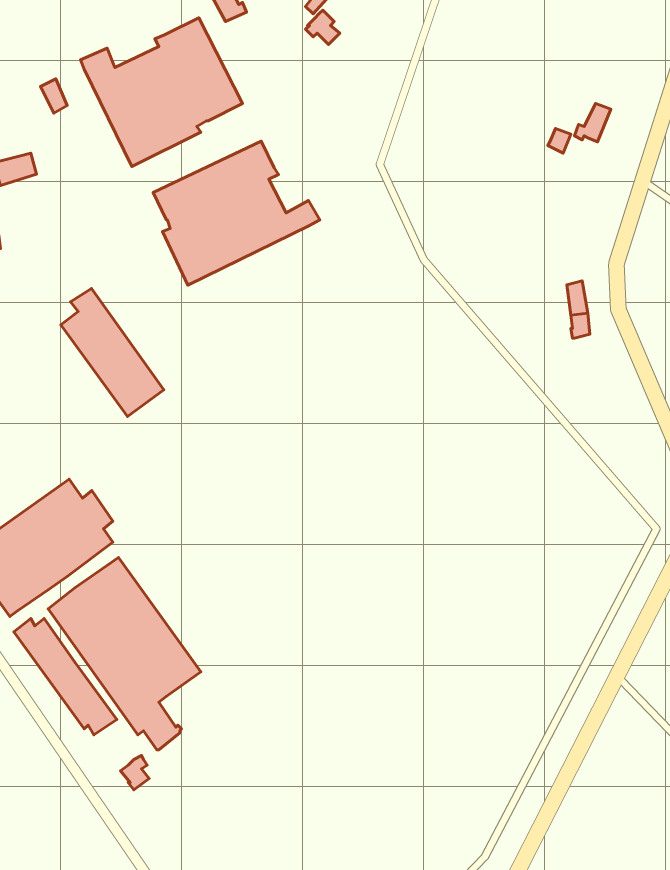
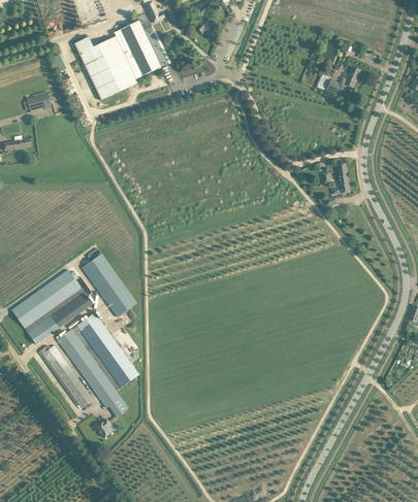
building: [153,141,320,285] -> none
building: [61,289,164,416] -> [81,247,136,316]

